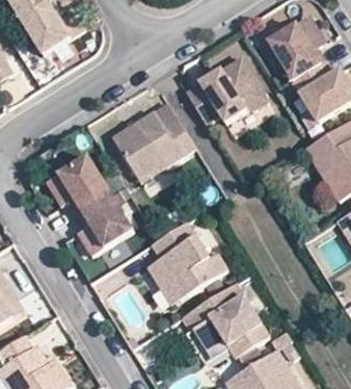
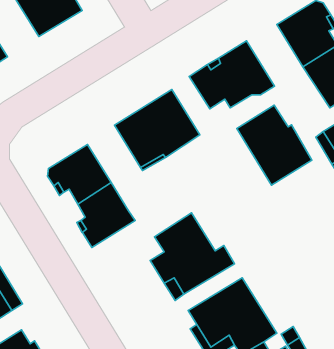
building: none -> [237,105,312,185]

